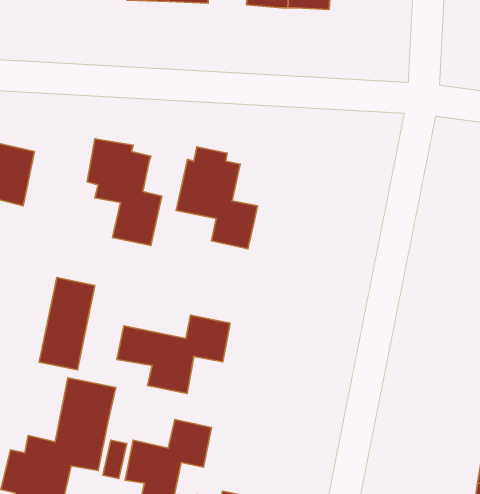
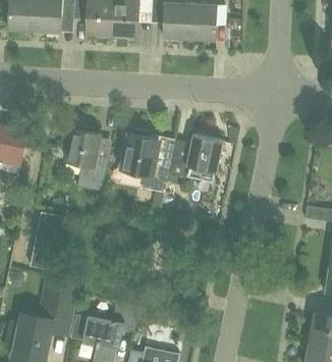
building: none -> [167,135,223,178]
building: [117,315,230,394] -> none

